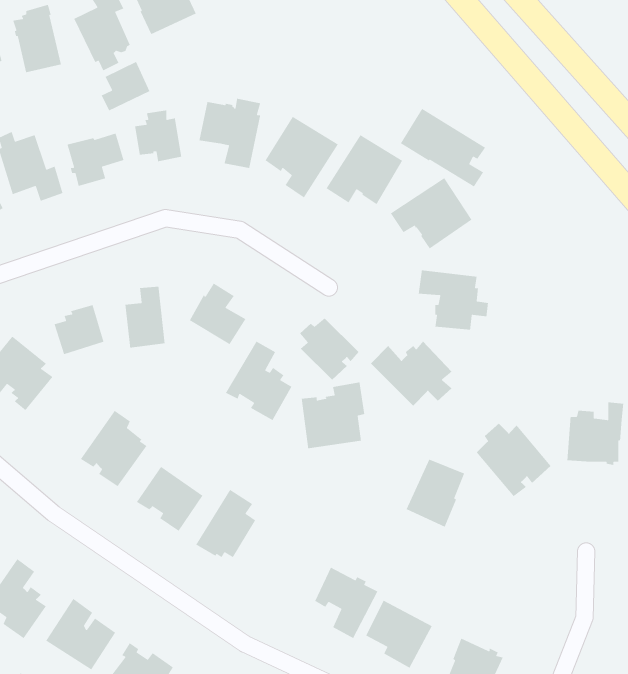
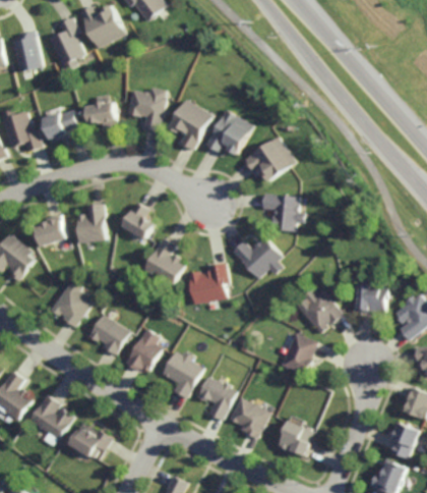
building: [100,61,150,112] -> none
building: [400,108,486,187] -> none
building: [299,317,359,381] -> none
building: [406,458,465,528] -> [280,334,316,377]
building: none -> [161,351,202,399]

